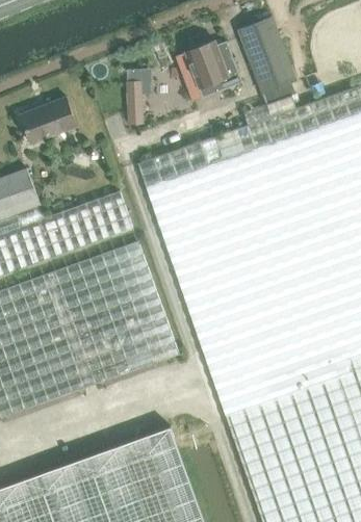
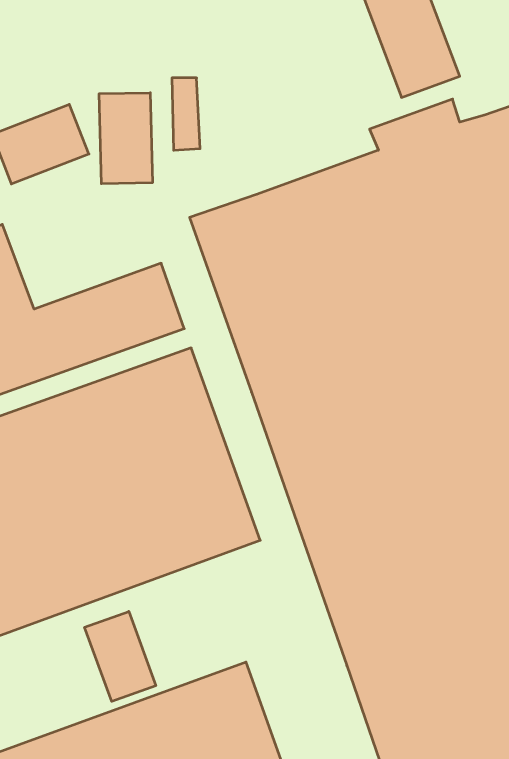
building: [185,42,242,98] -> none
building: none -> [99,93,152,184]
building: none -> [85,611,156,701]

